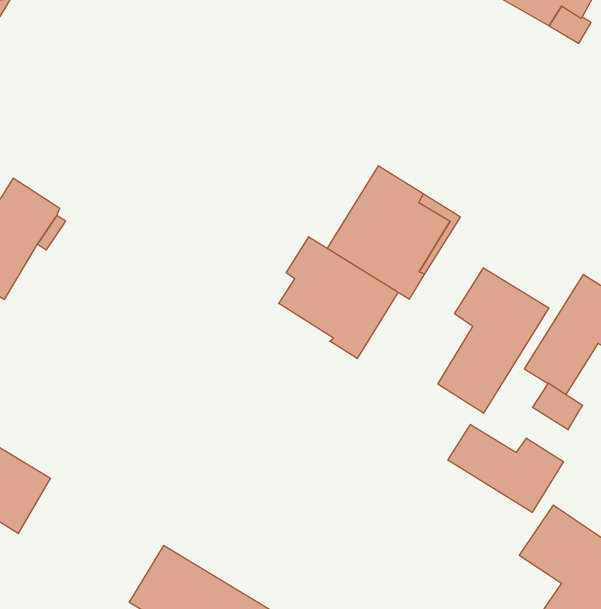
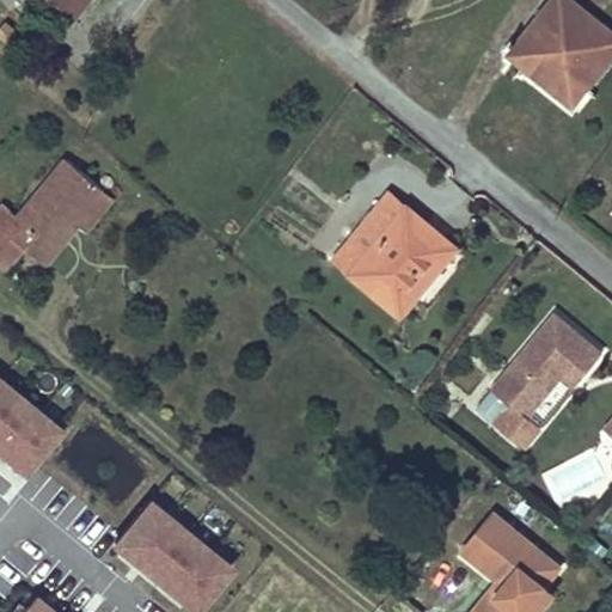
building: [279,237,398,359] -> none
building: [438,268,549,413] -> none
building: [448,424,563,512] -> none

